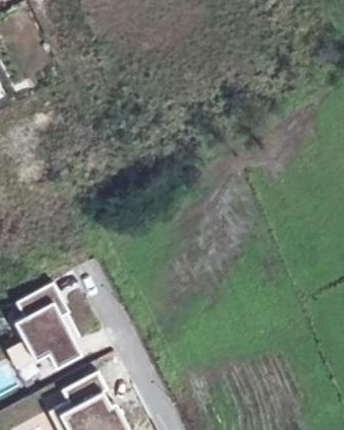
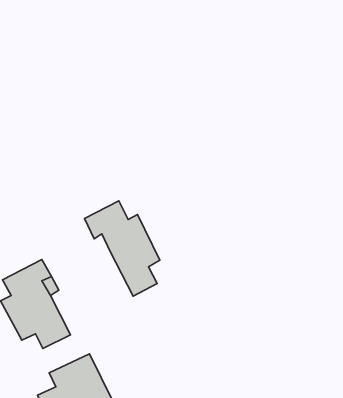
building: none -> [84,201,160,296]

